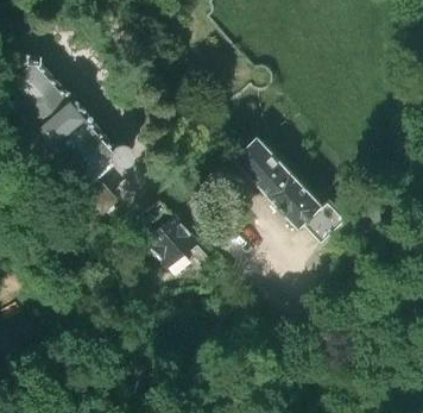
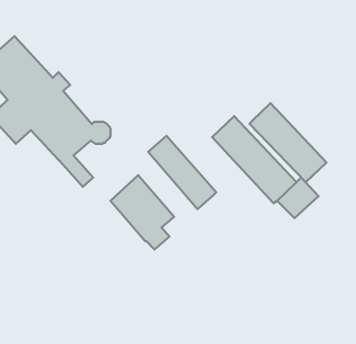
building: none -> [250,103,327,182]
building: none -> [148,136,216,209]

